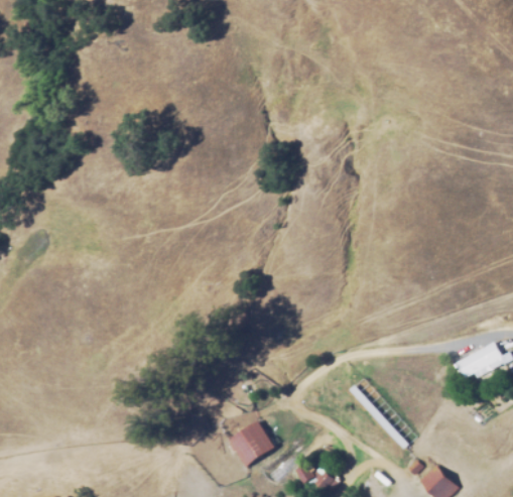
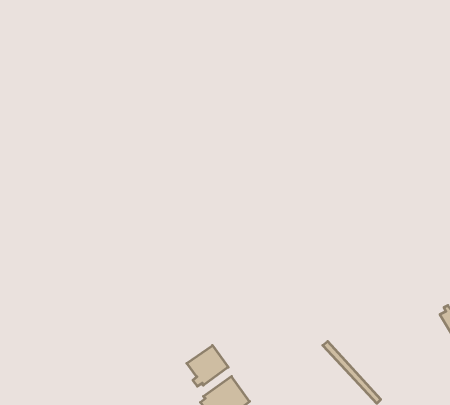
building: none -> [187,345,228,386]

